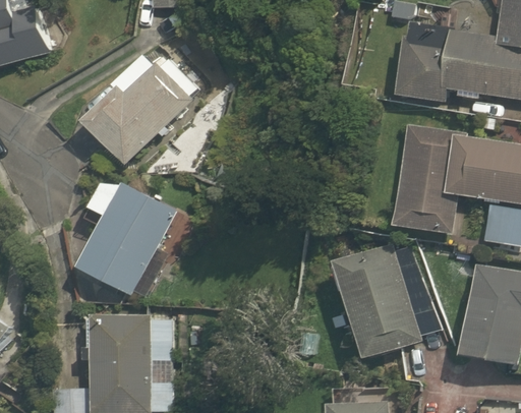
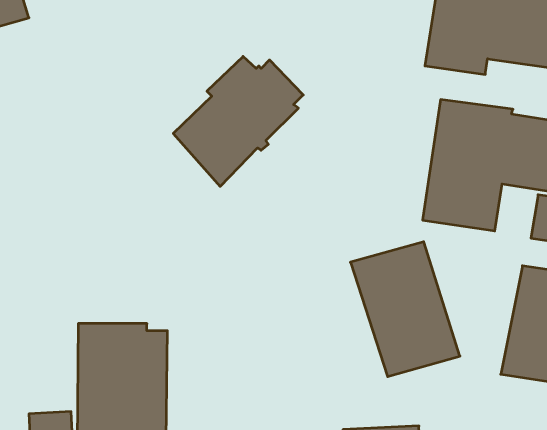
building: [92,57,201,167] -> [173,56,303,186]
building: [88,182,183,297] -> none

